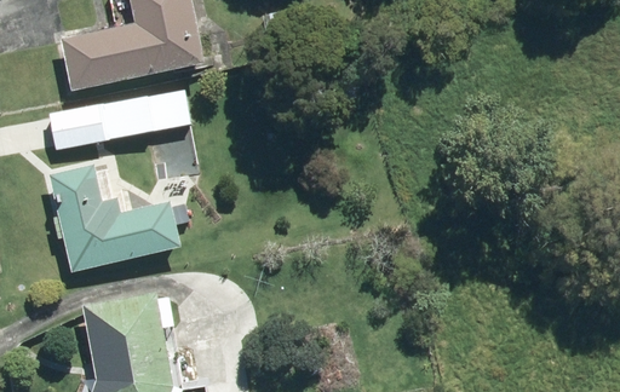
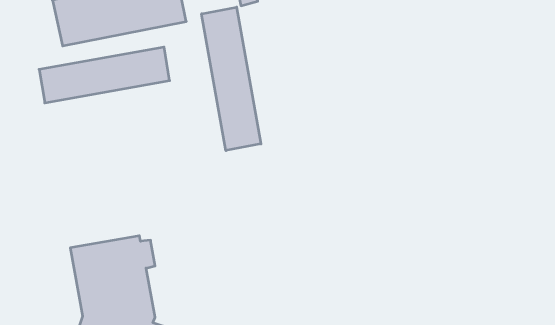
building: none -> [202,7,261,151]
building: [48,163,189,271] -> none

